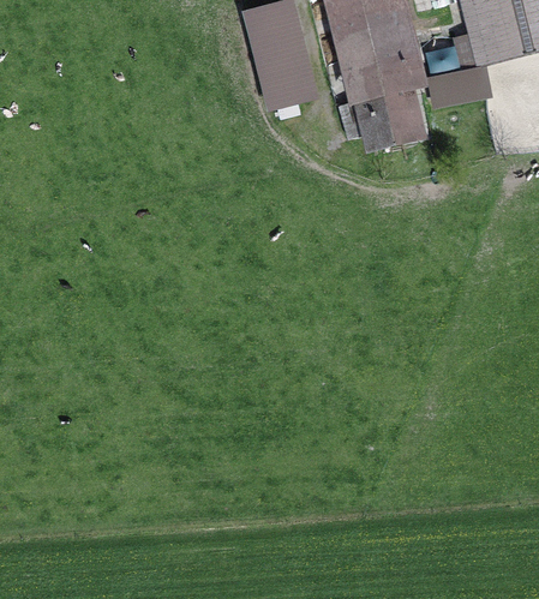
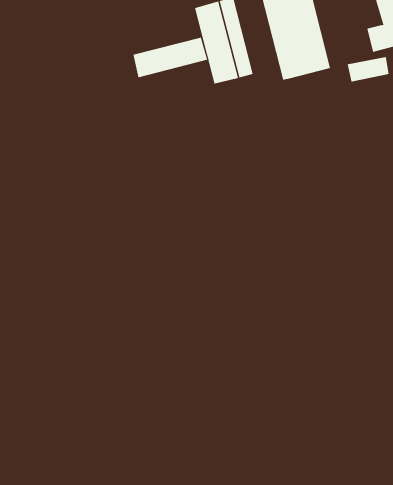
building: none -> [133,37,208,78]
building: [360,90,417,148] -> none

